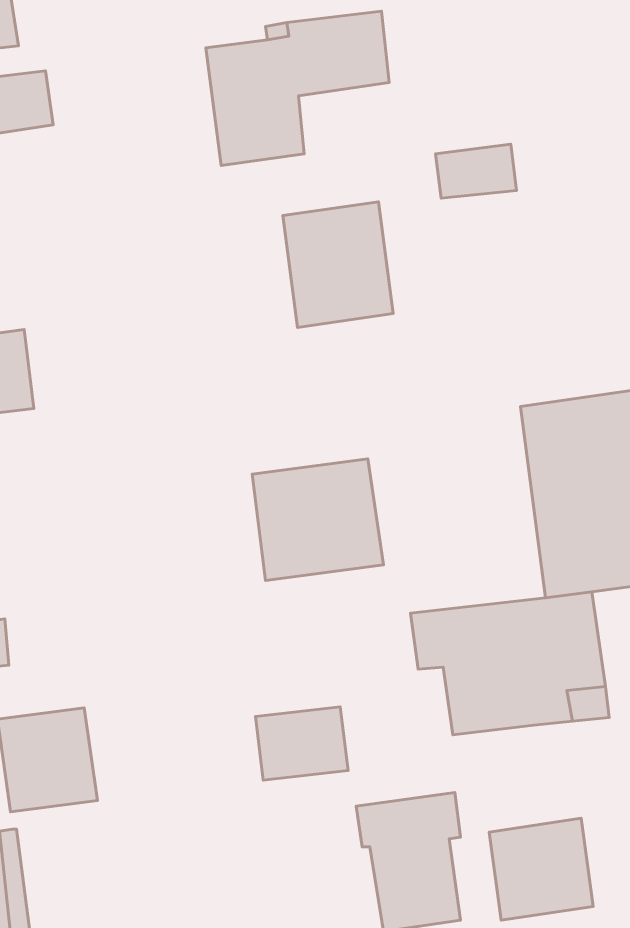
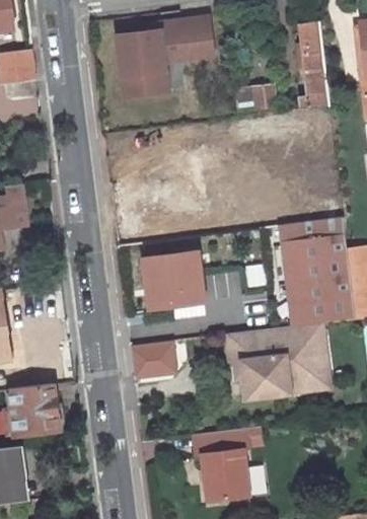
building: none -> [296,23,329,110]
building: [283,202,393,327] -> none
building: [255,707,348,780] -> [131,343,179,381]
building: [489,818,593,920] -> none

